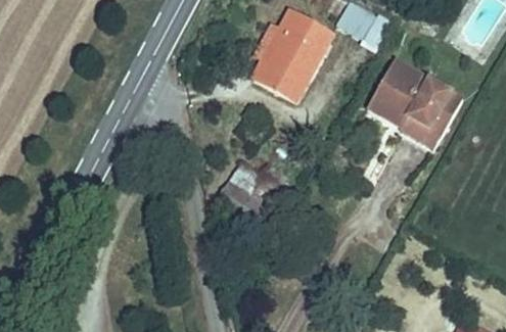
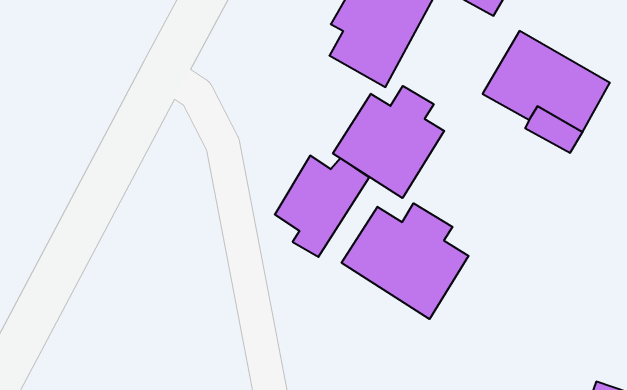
building: none -> [333,86,444,198]
building: none -> [342,203,469,319]

